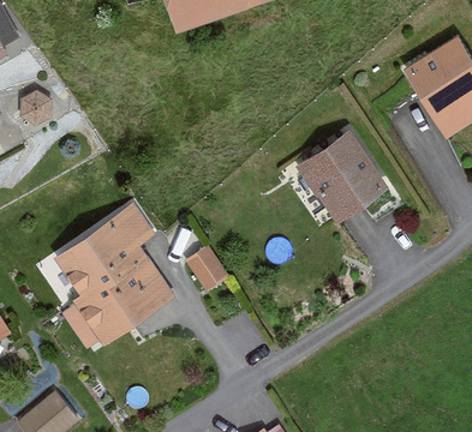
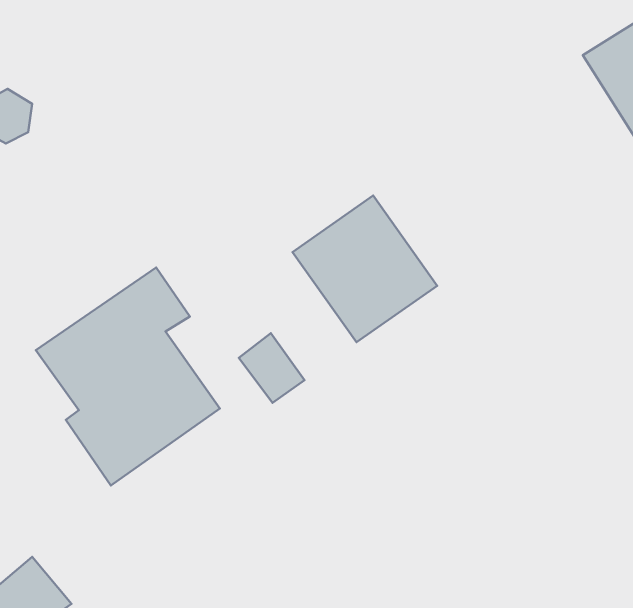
building: [297,130,389,223] -> [292,196,437,342]

